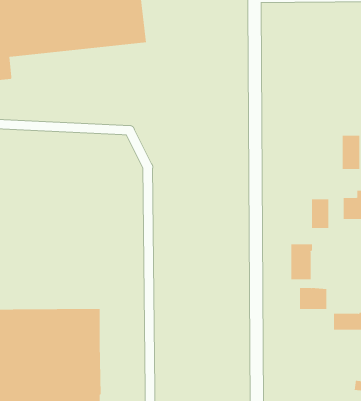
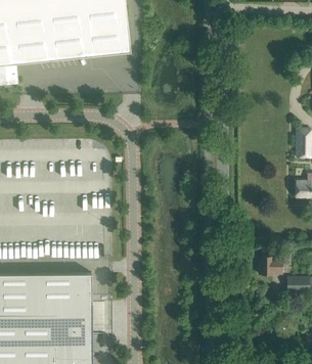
building: [311,199,329,229] -> none
building: [291,243,313,280] -> none

